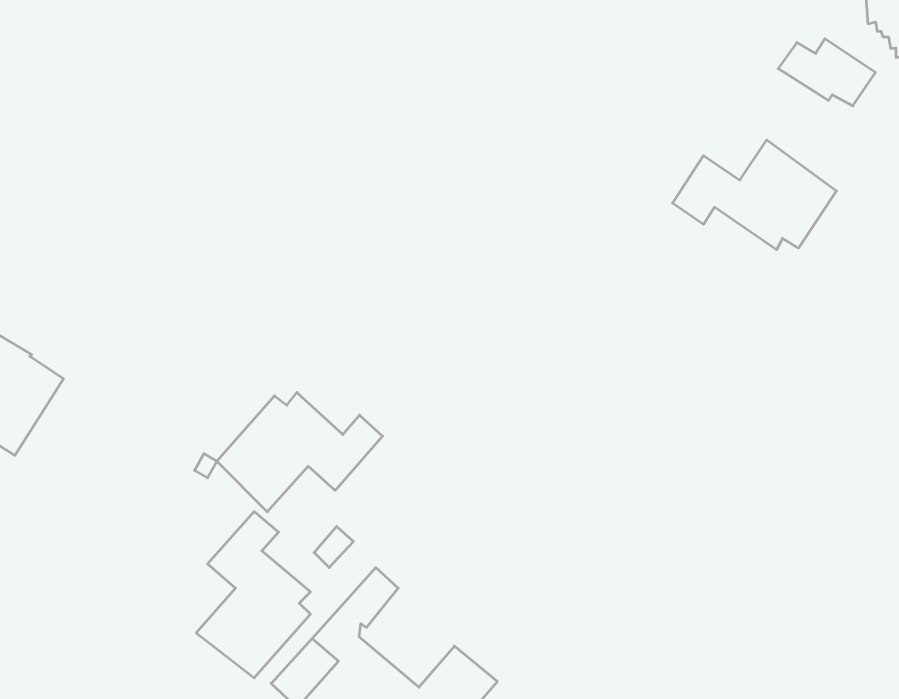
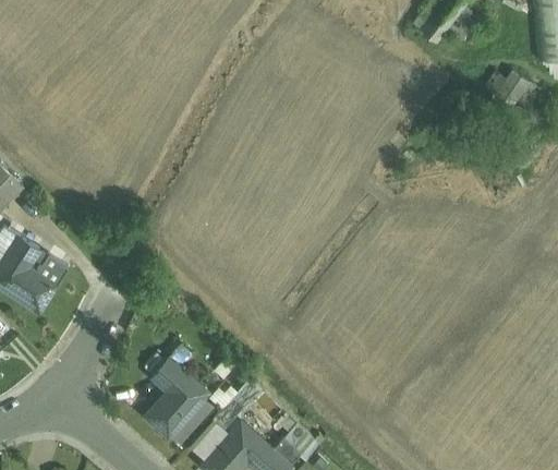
building: [672,140,837,250] -> none
building: [217,392,383,512] -> none

